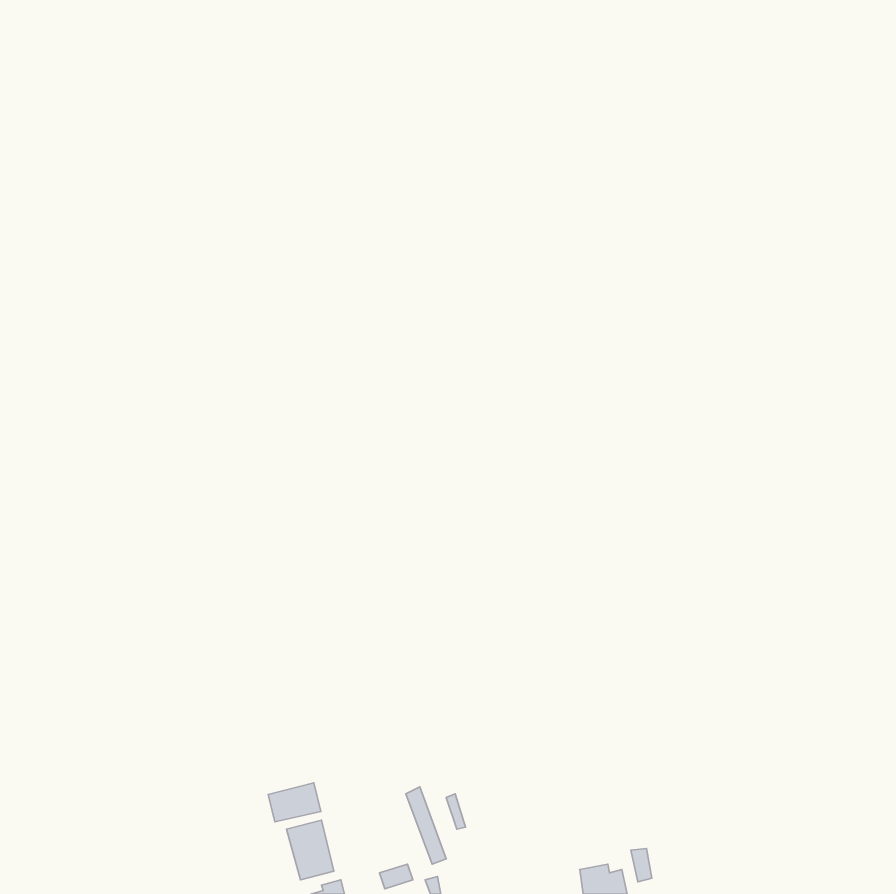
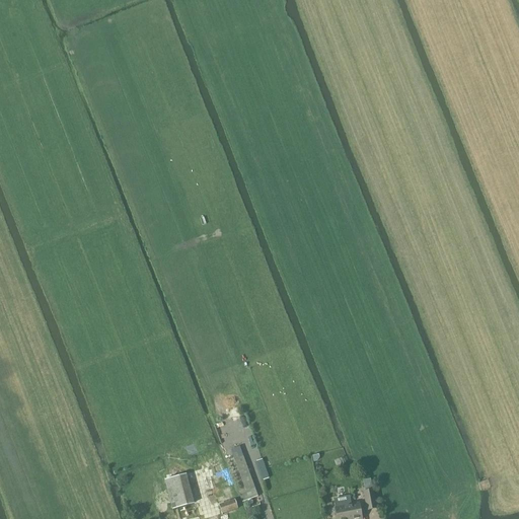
building: [268,783,321,822] -> none

